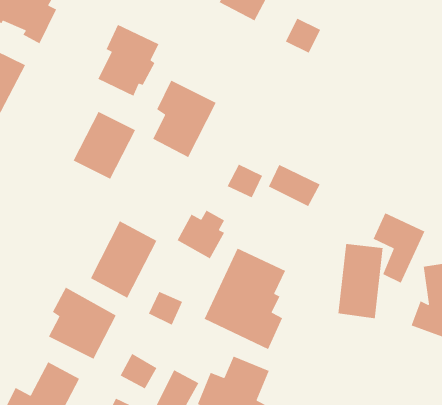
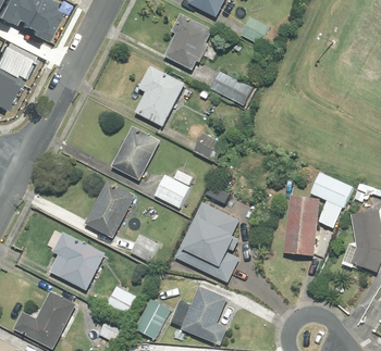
building: [97,24,159,97] -> [162,13,212,72]
building: [73,111,136,180] -> [110,126,161,181]
building: [268,164,321,207] -> [210,71,253,105]

